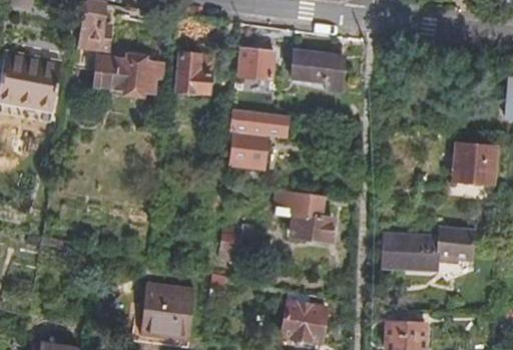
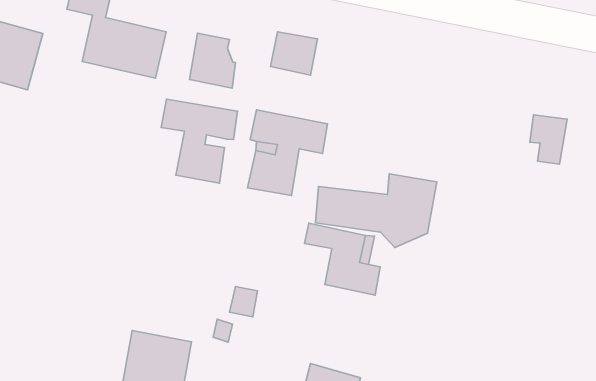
building: [291,51,342,87] -> none
building: none -> [161,99,238,183]
building: [458,144,485,181] -> [530,115,567,164]
building: [373,224,463,280] -> [316,174,437,248]

